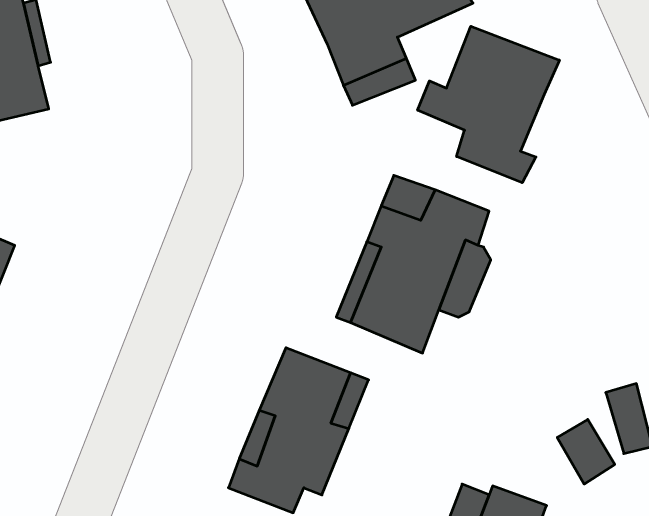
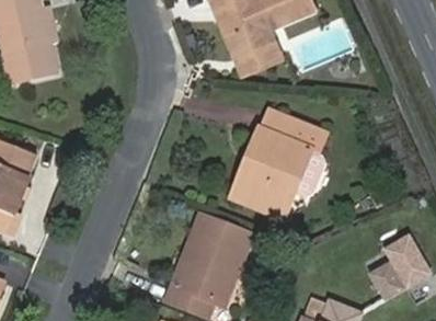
building: [418,26,559,183] -> none

